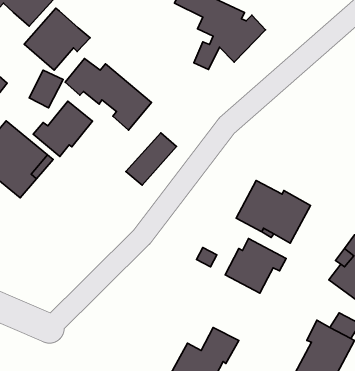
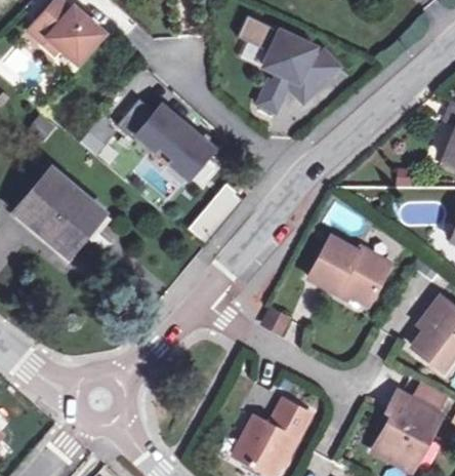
building: [24,8,90,70] -> none
building: [33,101,93,156] -> none
building: [225,238,286,293] -> none

